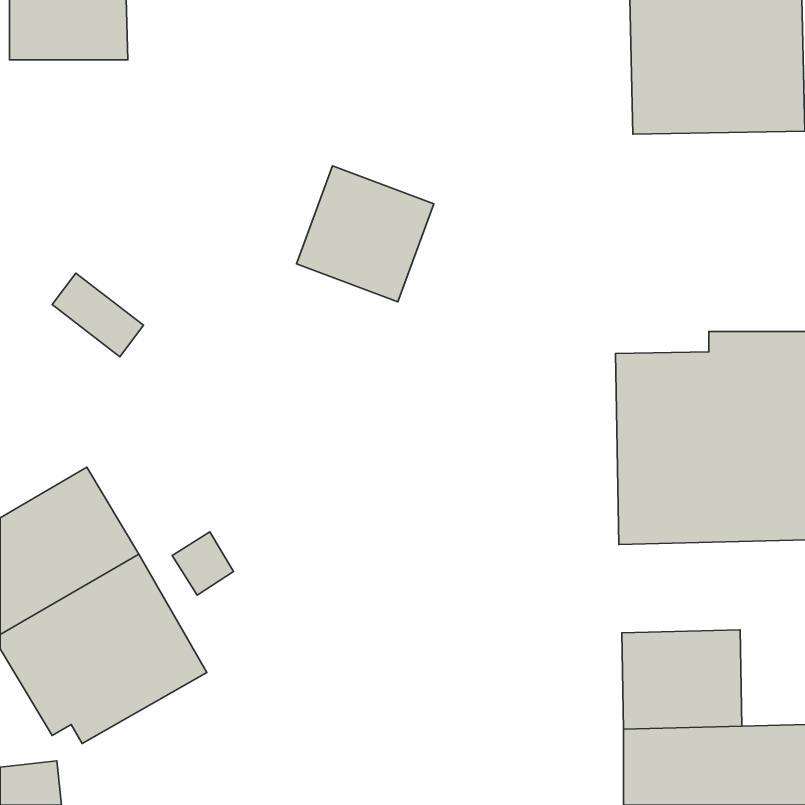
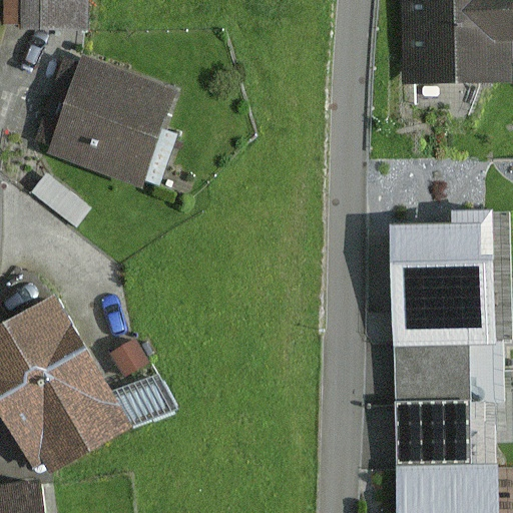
building: none -> [47,57,176,188]
building: [297,166,434,302] -> none
building: none -> [394,344,471,402]

